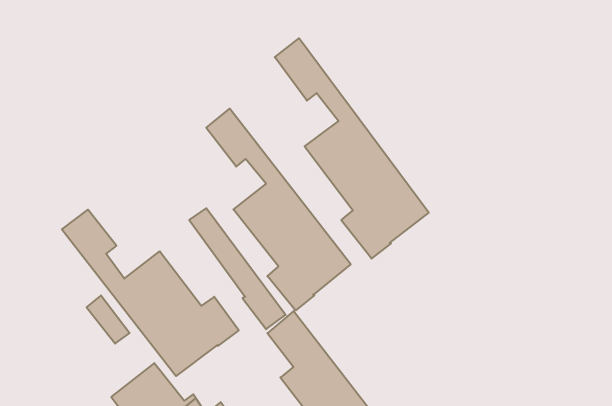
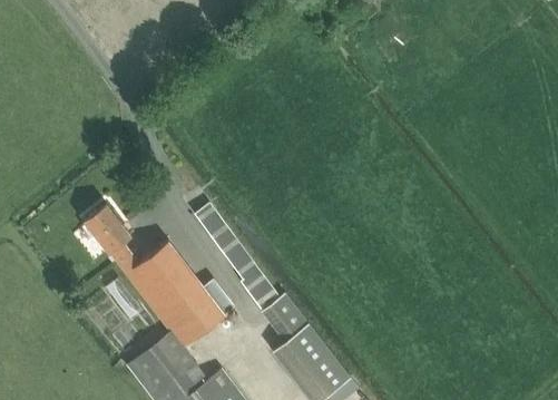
building: [275,38,429,259] -> none
building: [206,109,351,310] -> none

